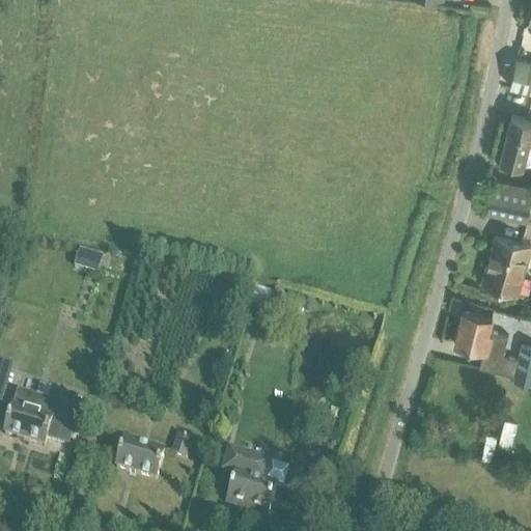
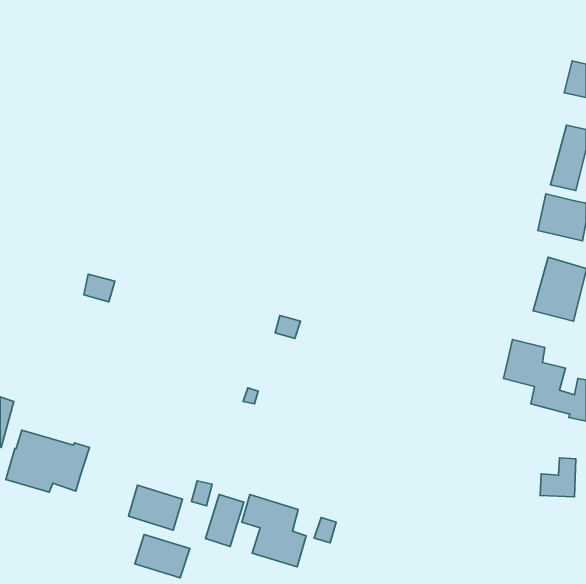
building: none -> [206,494,244,546]
building: none -> [135,534,190,578]

